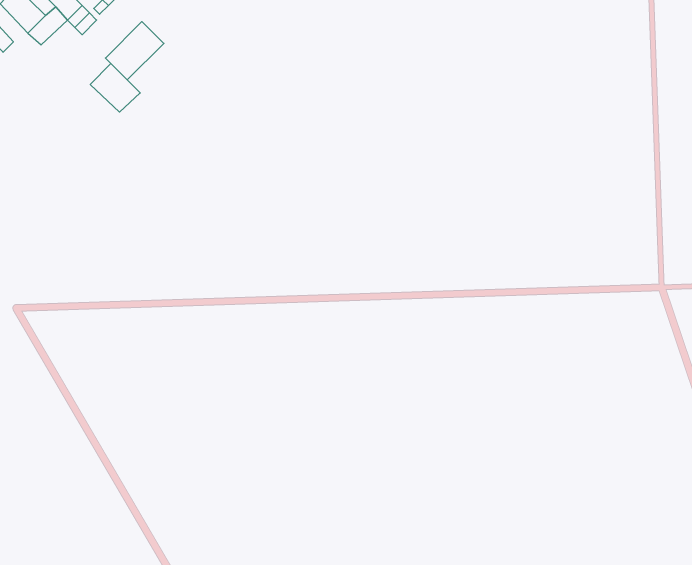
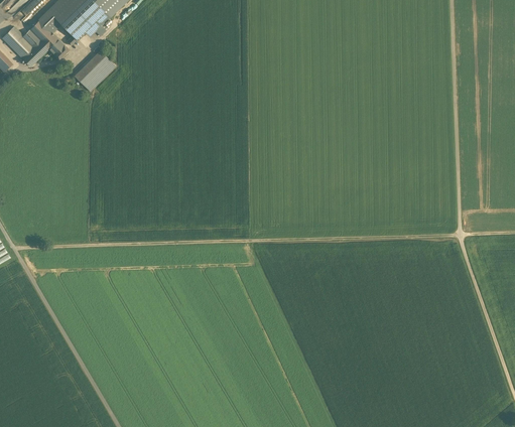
building: [90,64,140,112] -> none

